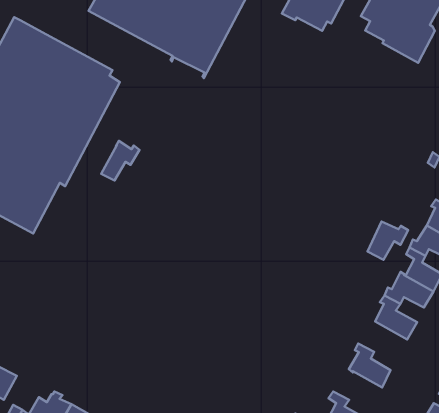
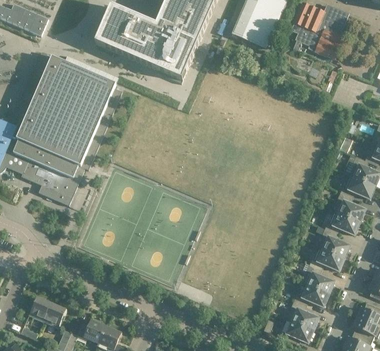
building: [101,141,139,181] -> none
building: [368,222,408,260] -> none
building: none -> [308,247,343,270]
building: none -> [293,284,328,306]

